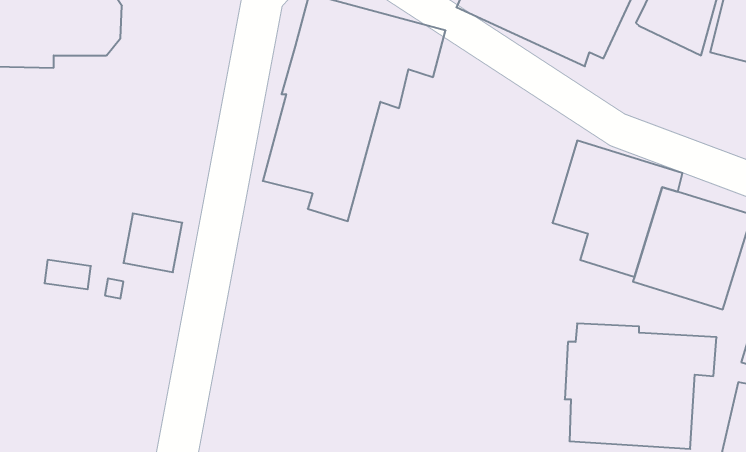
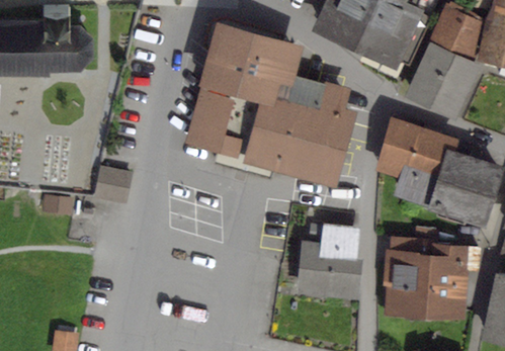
building: none -> [405,42,482,120]
building: none -> [241,71,357,188]
building: none -> [299,224,361,299]

